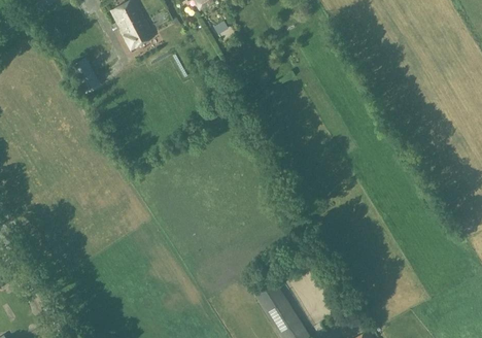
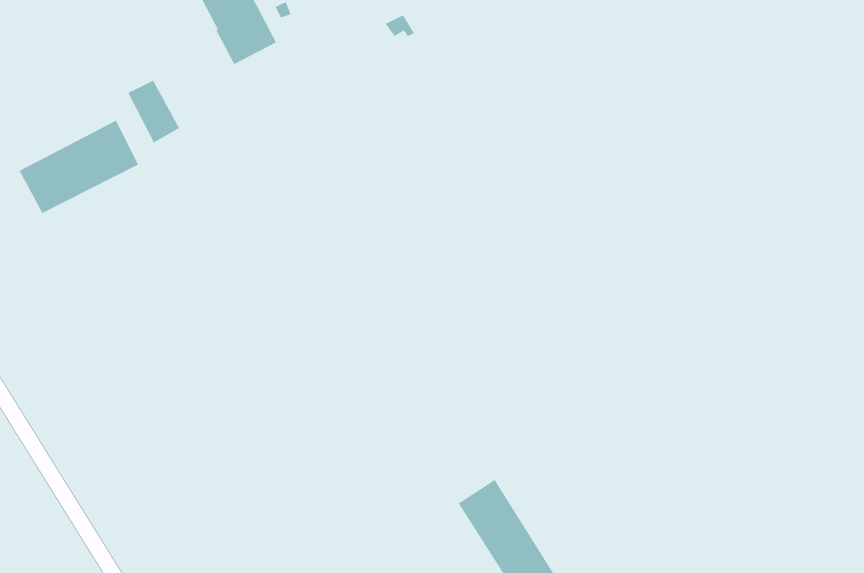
building: none -> [19,120,139,214]

